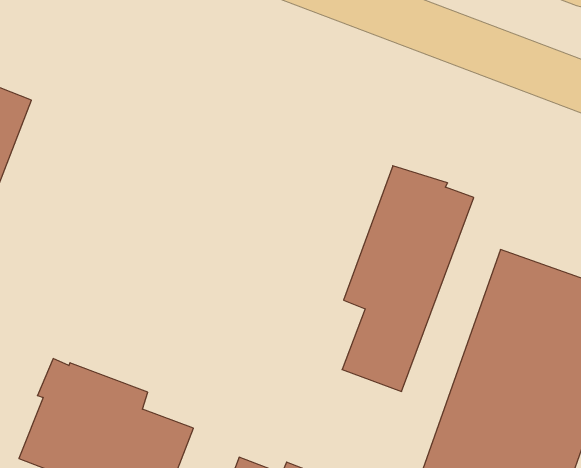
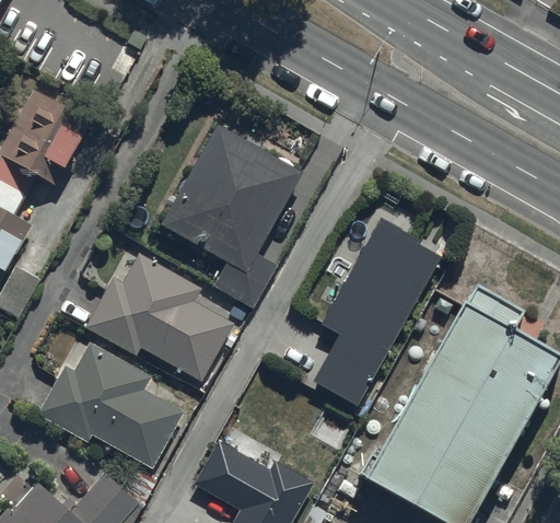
building: none -> [162,126,304,302]
building: none -> [85,249,234,382]

